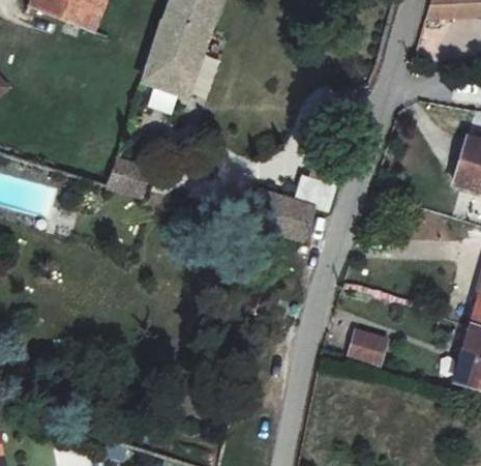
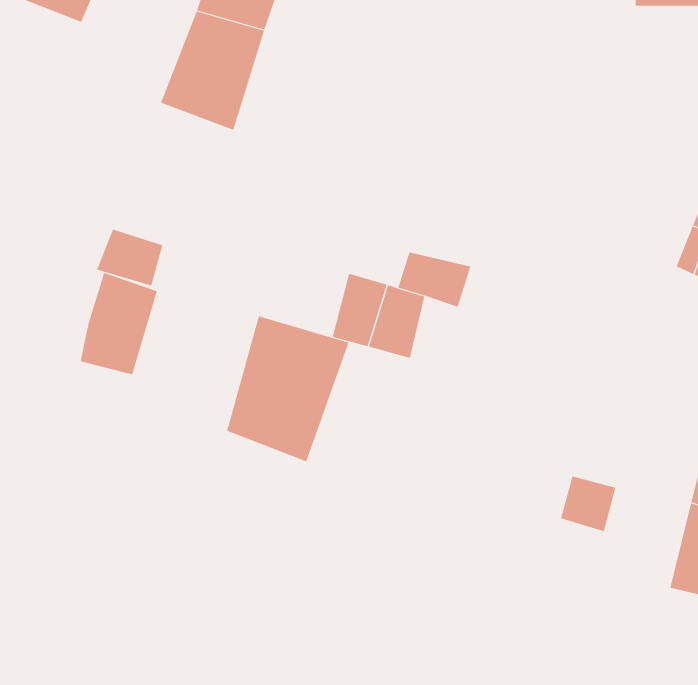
building: none -> [80,272,157,375]
building: none -> [226,316,349,462]
building: [347,331,382,367] -> [560,476,616,532]

